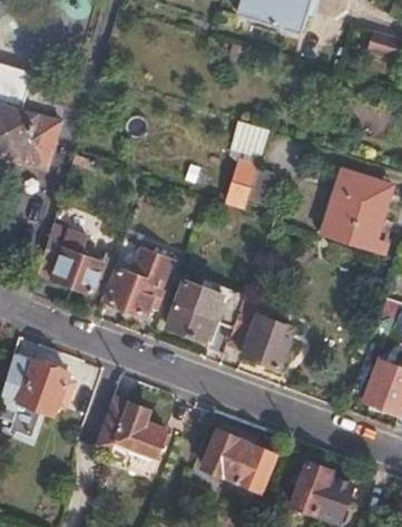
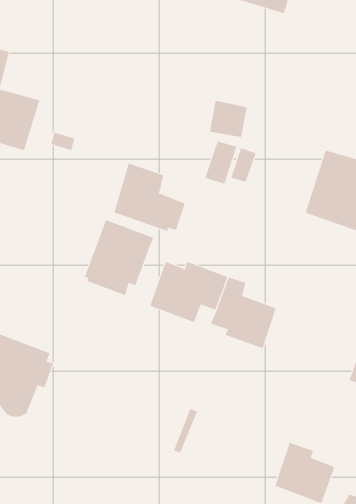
building: [38,225,109,293] -> [114,163,186,231]
building: [98,397,169,457] -> none
building: [206,431,274,490] -> none

